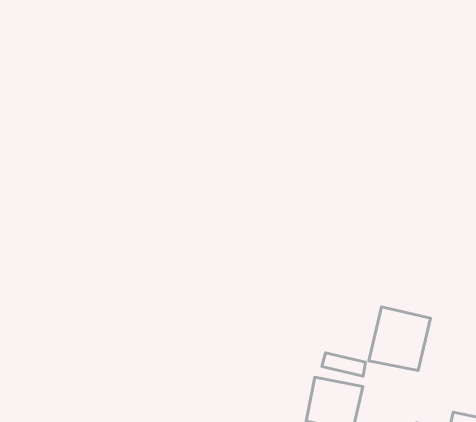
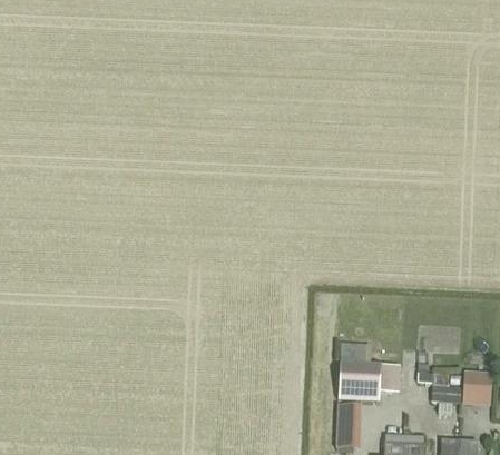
building: [369,307,430,371] -> none

